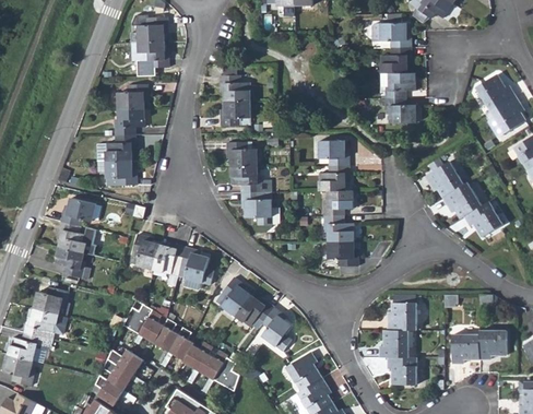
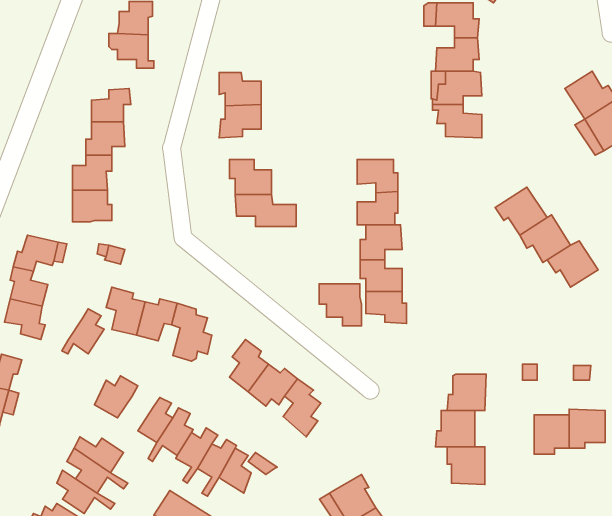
building: [244,190,275,222] -> [319,284,361,326]
building: [135,310,167,344] -> [62,309,104,354]
building: [288,352,323,389] -> none

